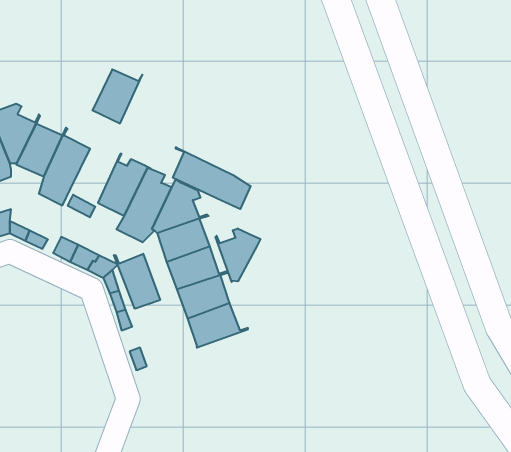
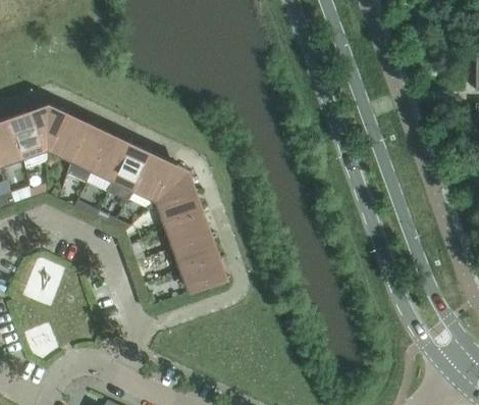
building: [92,69,142,123] -> [93,138,131,180]
building: [173,147,251,209] -> none
building: [215,228,260,282] -> none
building: [114,254,160,309] -> none

